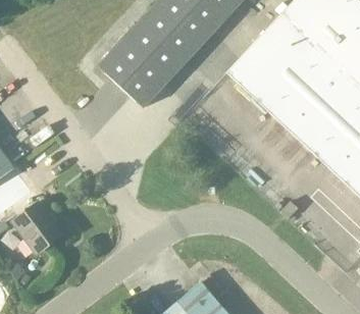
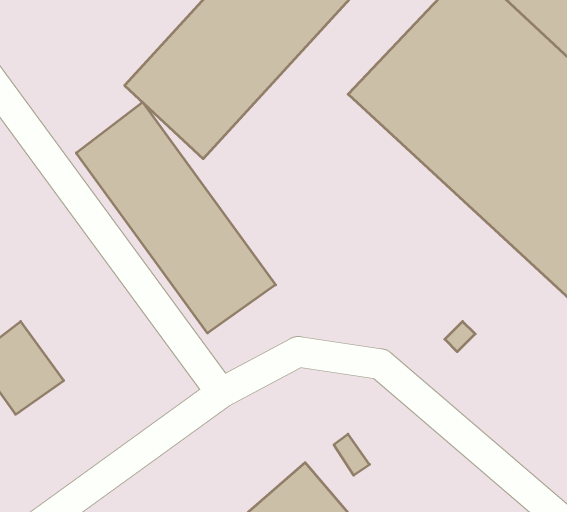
building: none -> [76,102,276,333]

